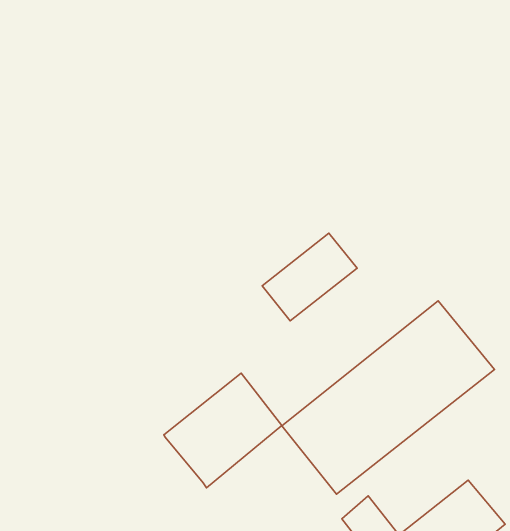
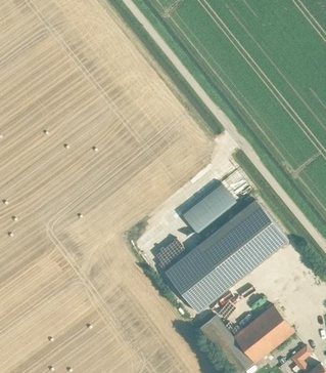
building: [262,233,357,321] -> [181,182,236,234]
building: [164,373,282,488] -> none

